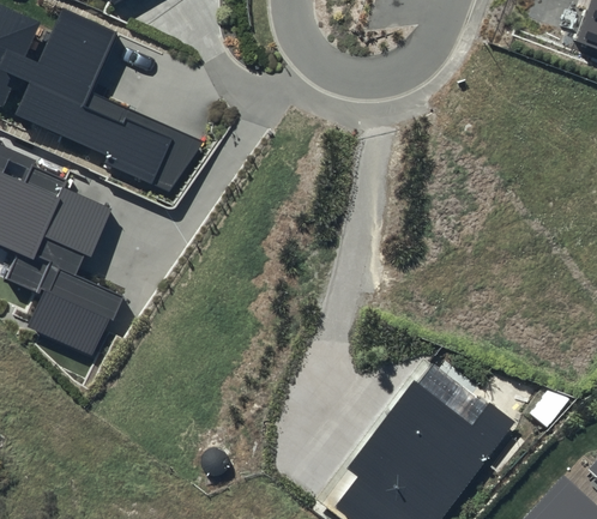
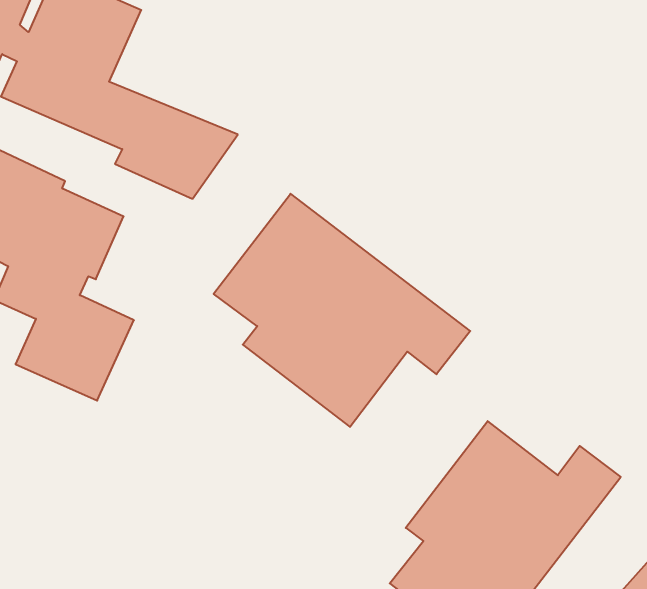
building: none -> [214,194,470,427]

